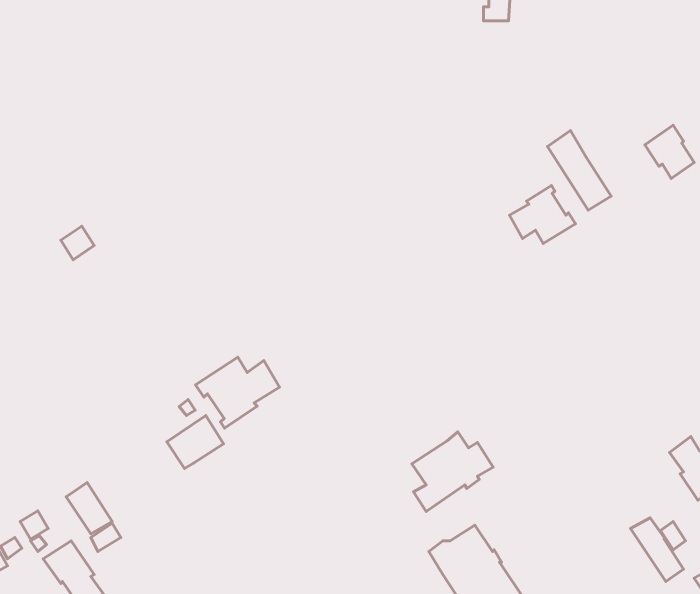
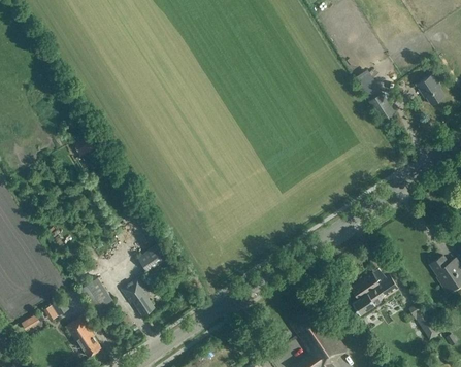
building: [510,186,575,243] -> none
building: [196,357,280,428] -> none
building: [412,432,493,511] -> [352,269,399,315]
building: none -> [123,278,155,315]

